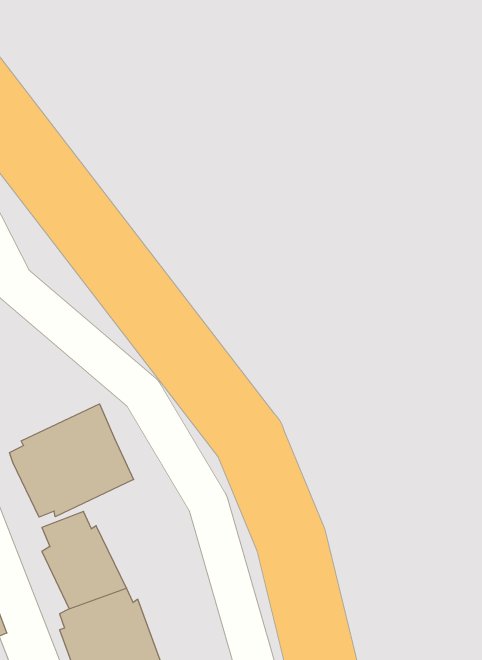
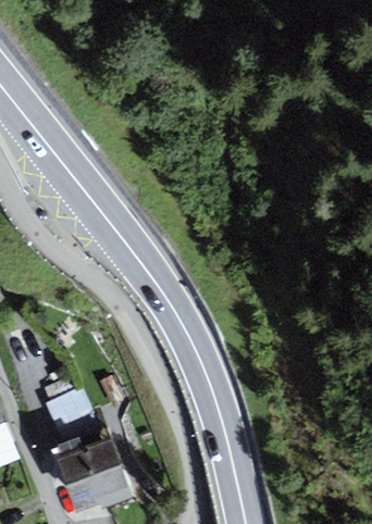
building: [10,404,134,517] -> none

